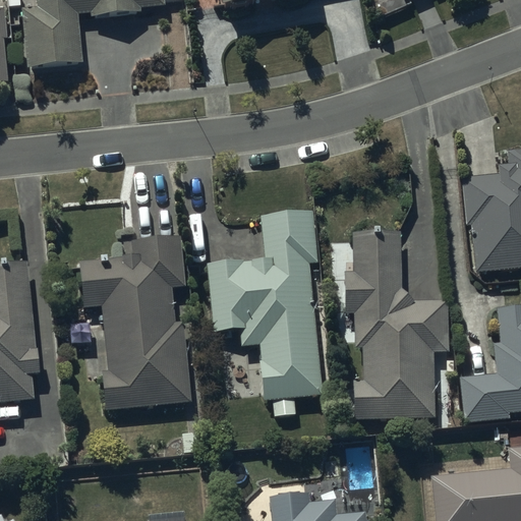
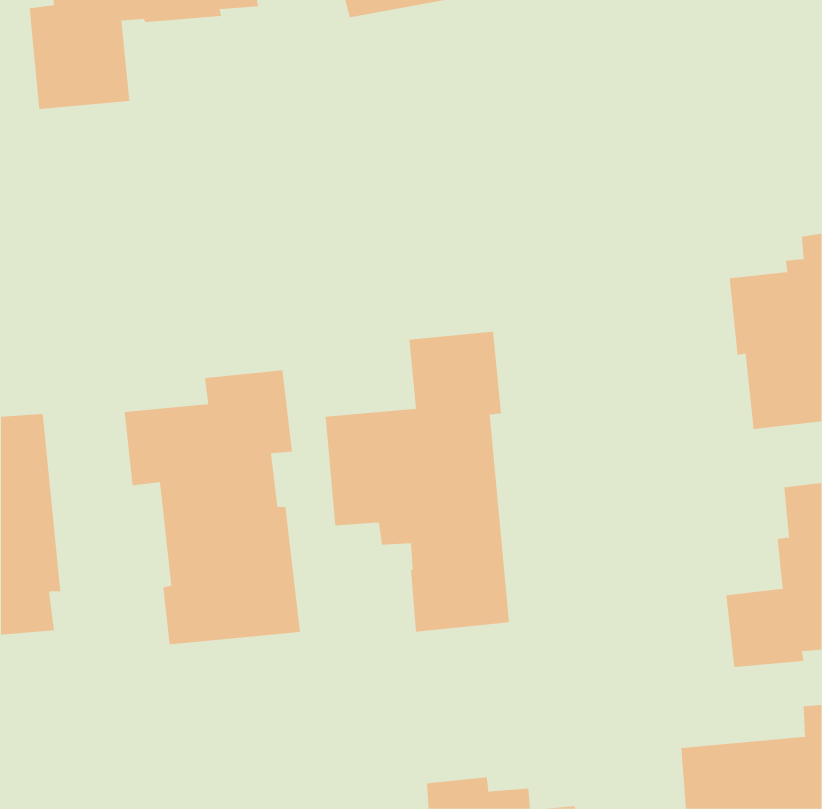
building: [347,232,448,418] -> none

